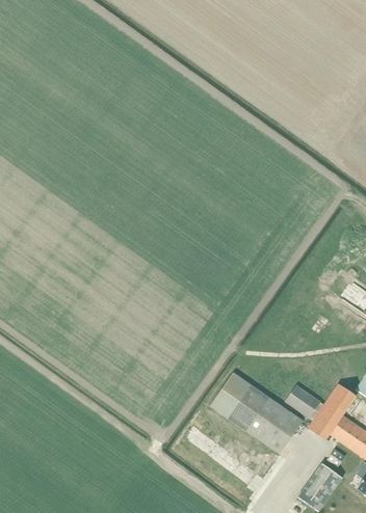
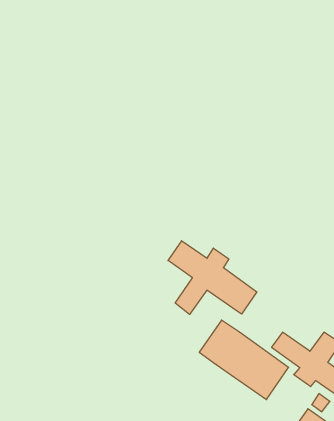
building: none -> [168,241,257,314]

